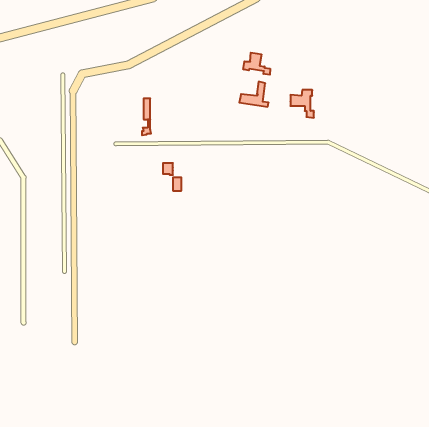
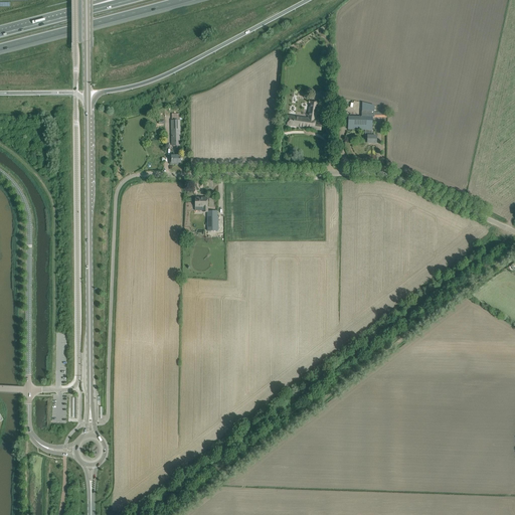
building: [243,53,270,75] -> none

